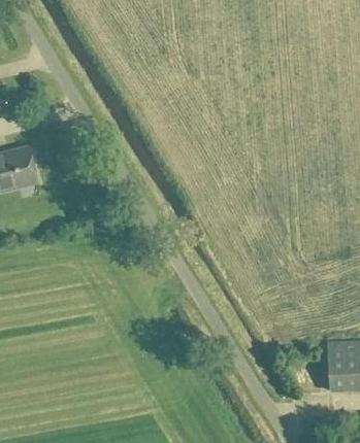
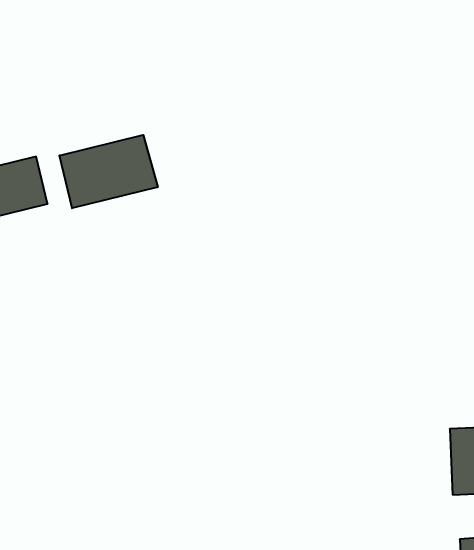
building: none -> [59,135,158,208]

